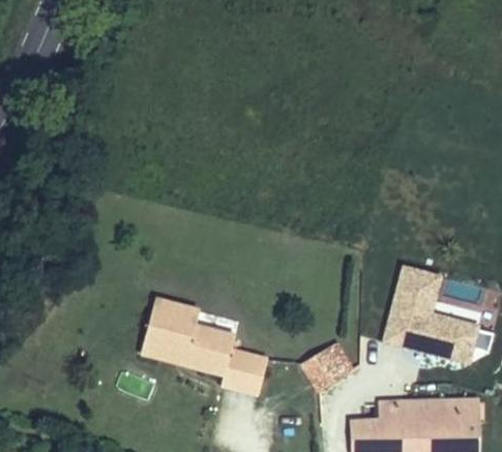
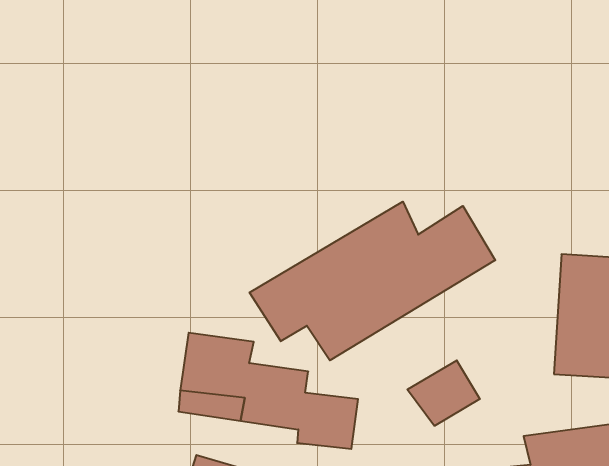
building: none -> [250,202,495,360]

